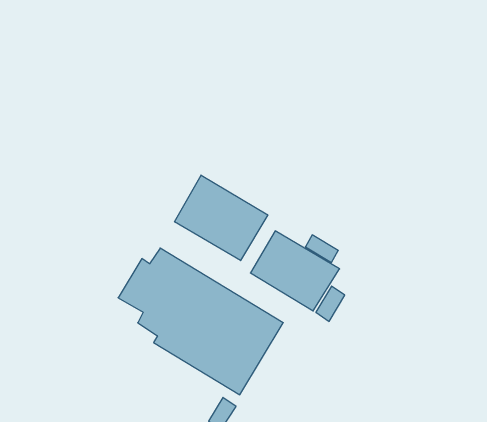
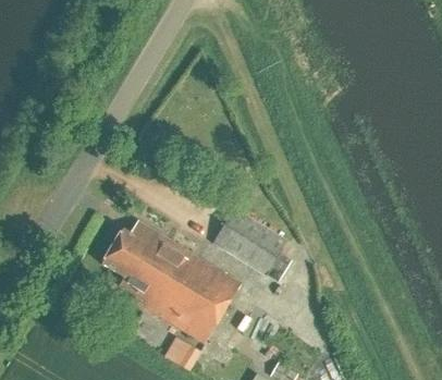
building: [175,175,268,261] -> none

